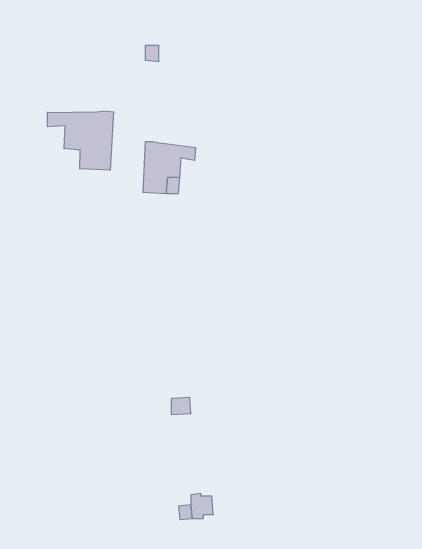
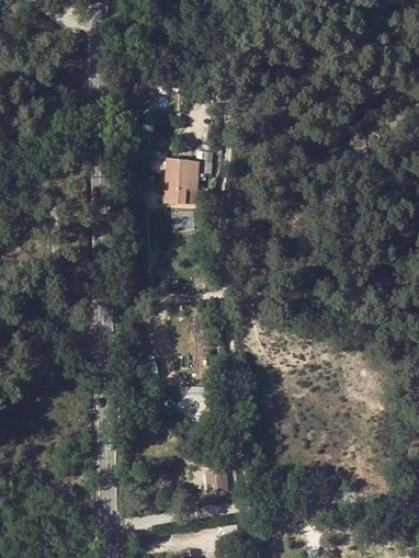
building: [47,111,113,170] -> none

